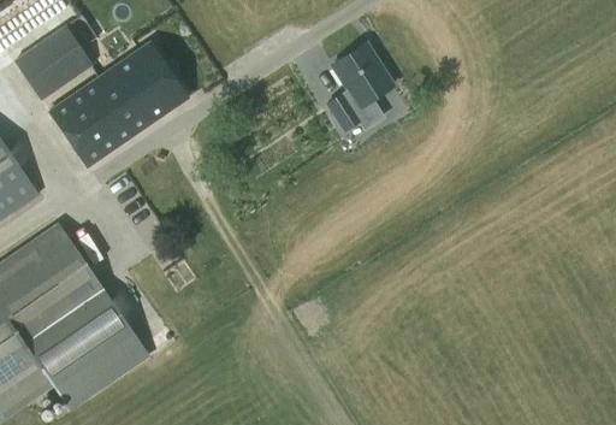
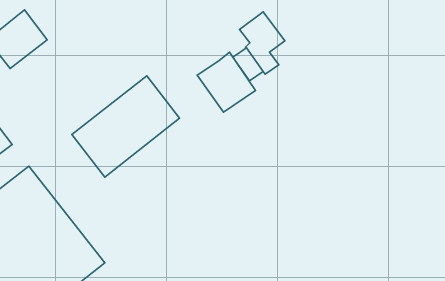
building: [48,41,186,166] -> [72,76,180,177]
building: none -> [197,52,256,112]

